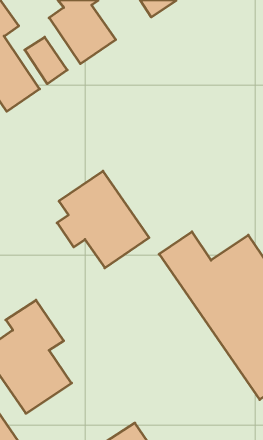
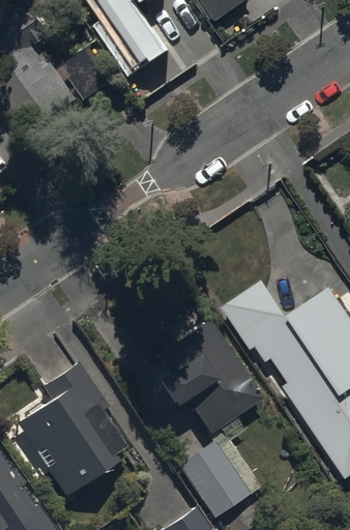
building: [57,171,149,268] -> [153,318,263,434]
building: none -> [176,441,247,518]

